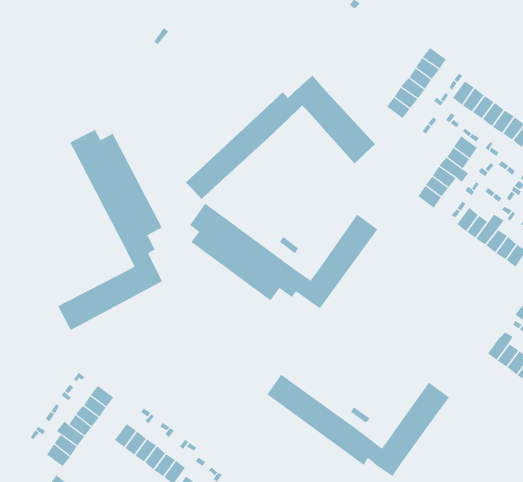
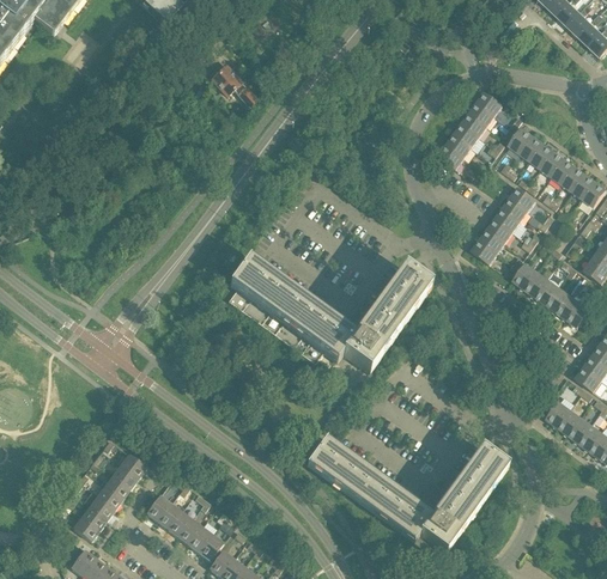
building: none -> [212,65,256,104]
building: [185,75,376,200] -> none
building: [57,129,163,331] -> none

